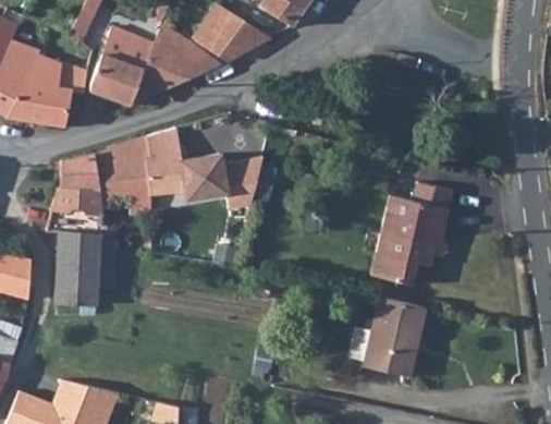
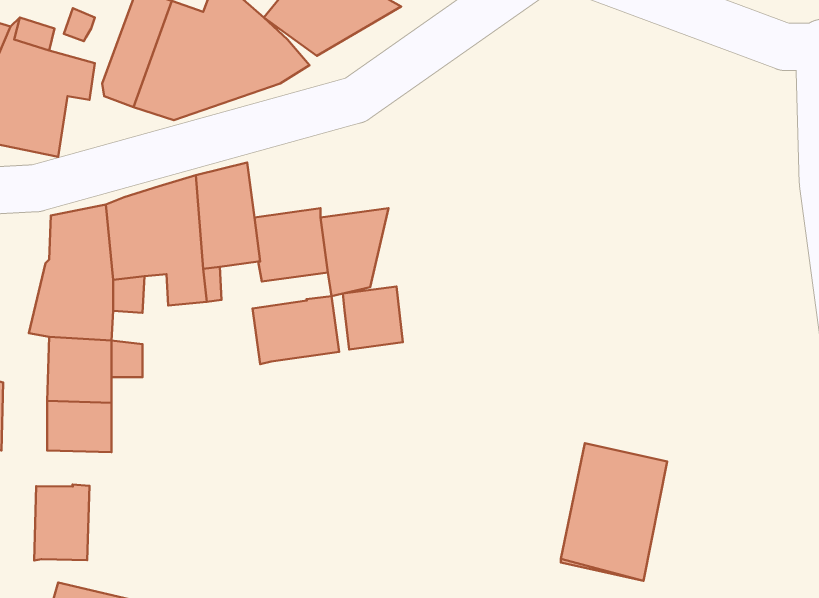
building: [379,182,449,284] -> none
building: none -> [343,286,403,349]
building: none -> [253,296,339,364]
building: none -> [34,485,89,560]

